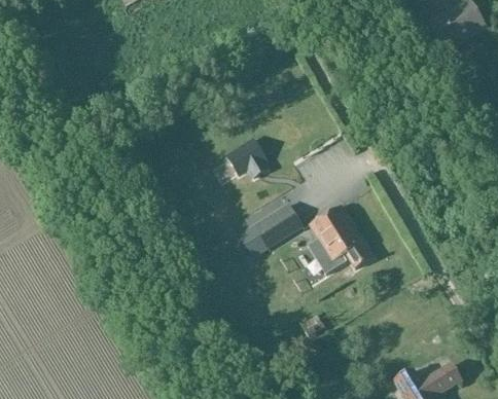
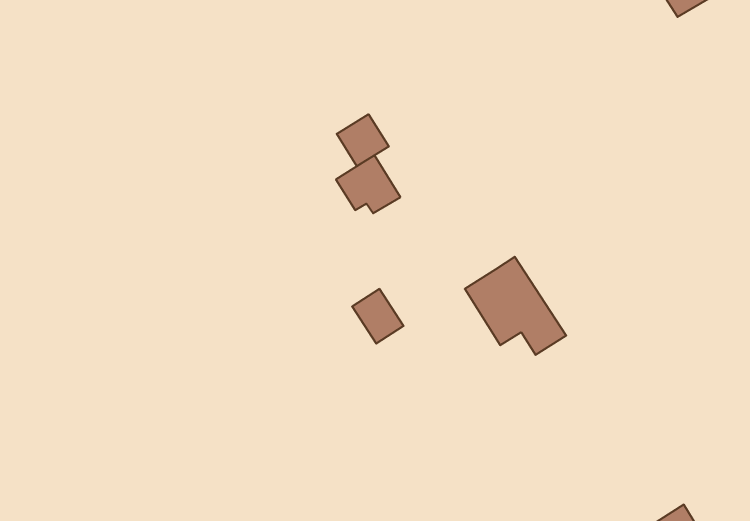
building: none -> [337,114,389,166]
building: [253,205,300,249] -> none

